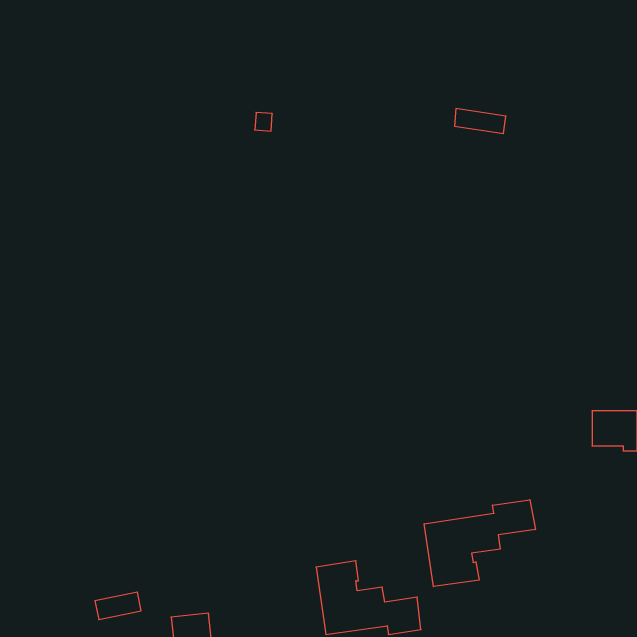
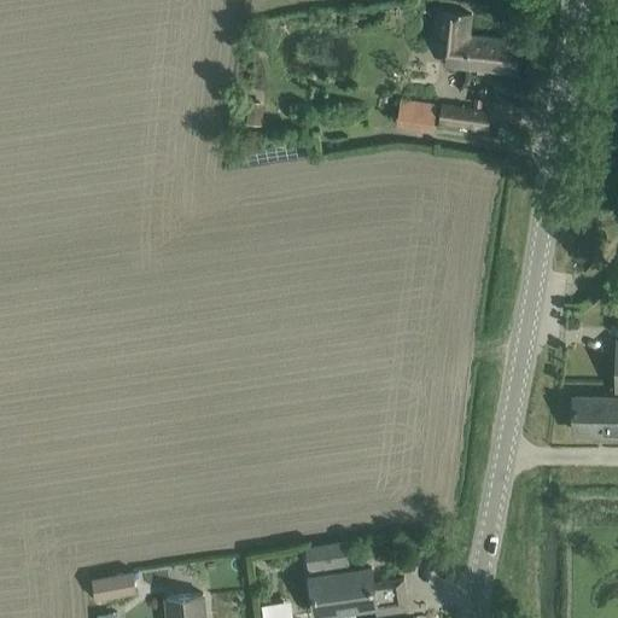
building: none -> [438,12,518,72]
building: none -> [395,99,436,129]
building: [424,500,535,587] -> none

